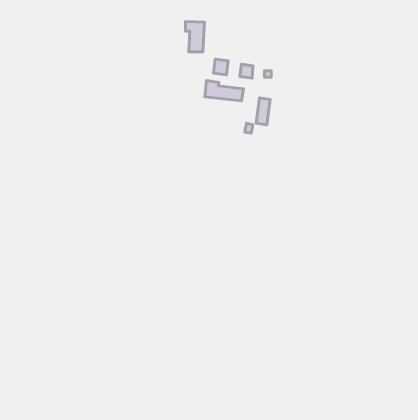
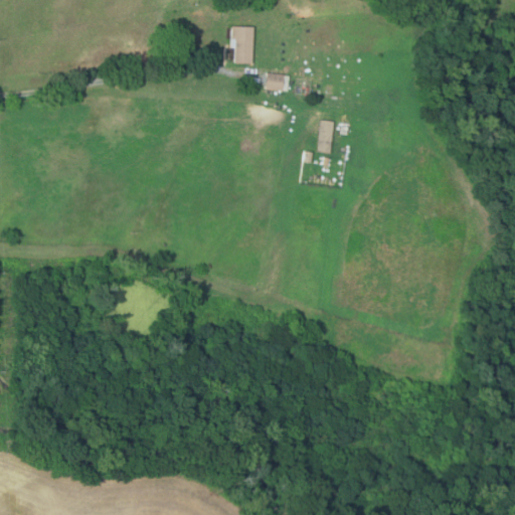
building: [205,81,244,101] -> none

